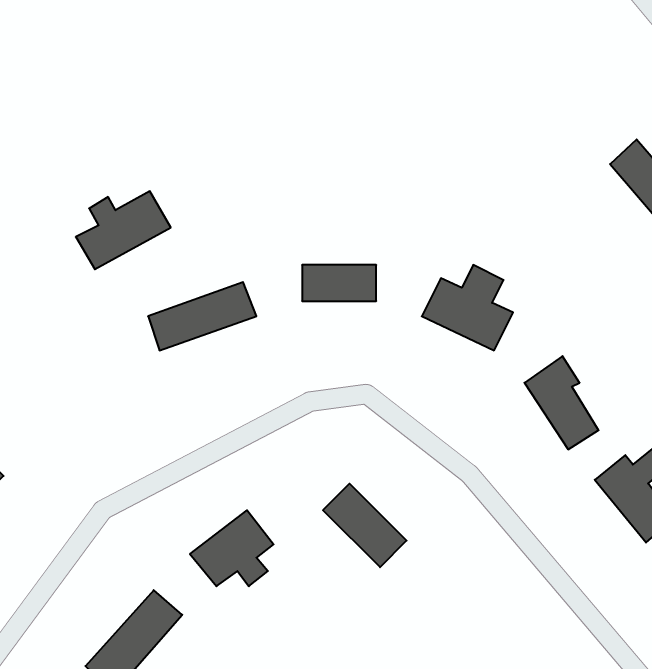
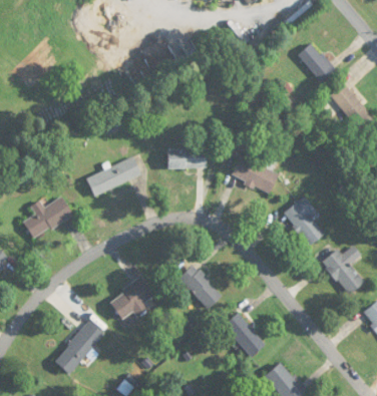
building: none -> [298,42,335,82]
building: [76,191,171,269] -> [23,196,73,238]
building: none -> [224,313,266,357]

